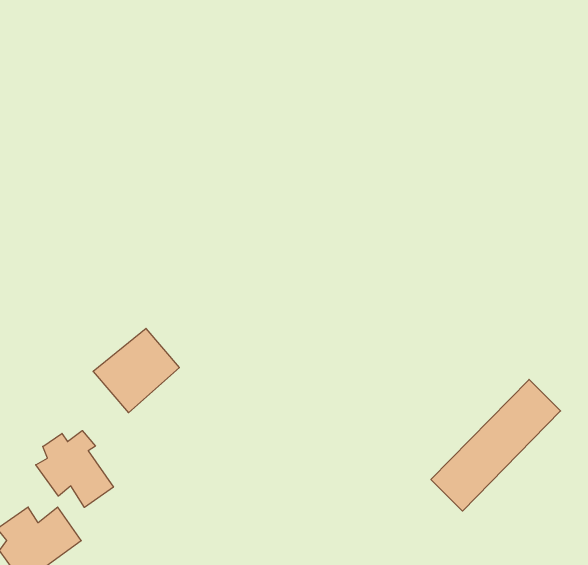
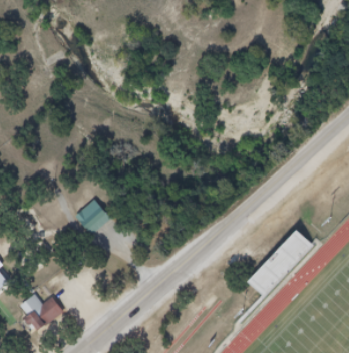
building: [36,431,113,507] -> none

